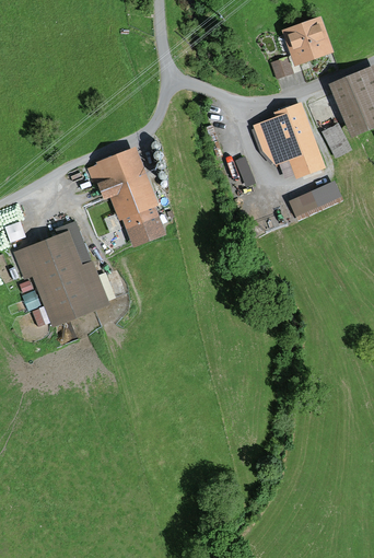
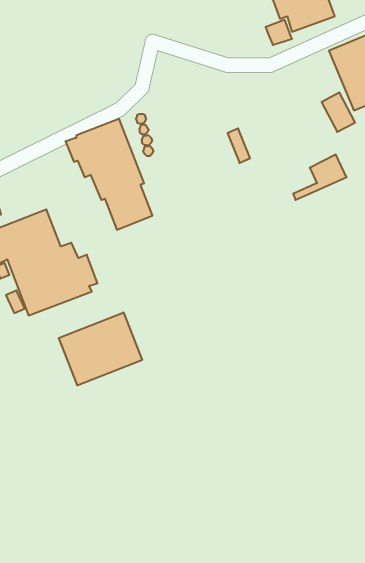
building: [250,101,326,177] -> none
building: none -> [59,312,142,385]

